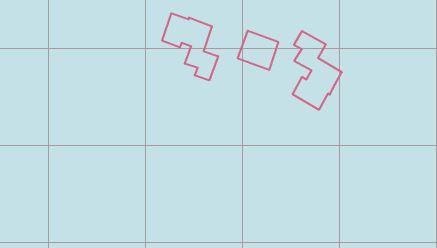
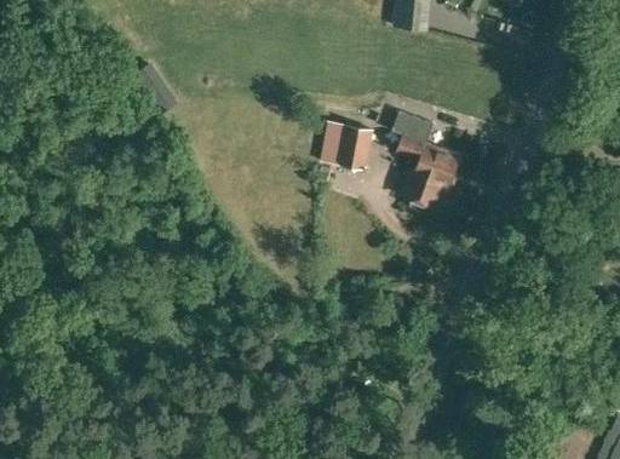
building: [162,13,218,80] -> none

